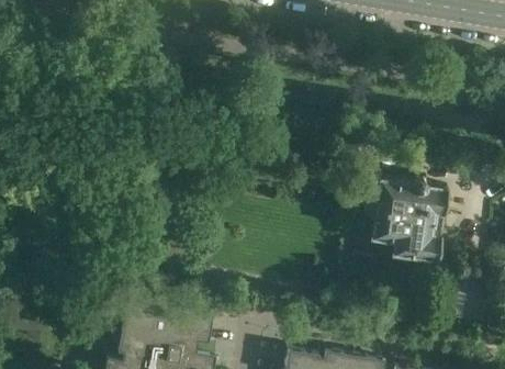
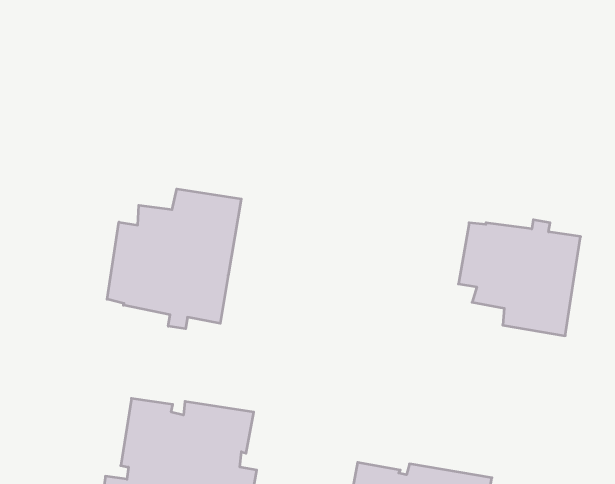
building: none -> [107,189,241,329]

